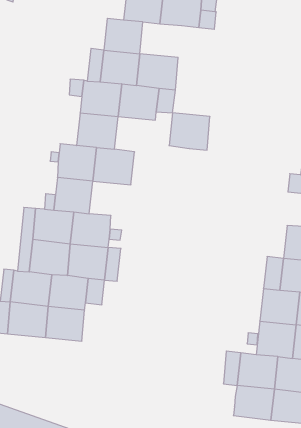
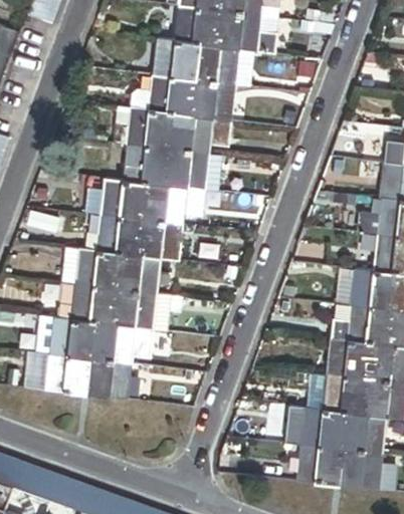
building: none -> [192,44,238,83]
building: [169,113,210,150] -> [164,149,209,190]
building: none -> [136,220,182,260]

